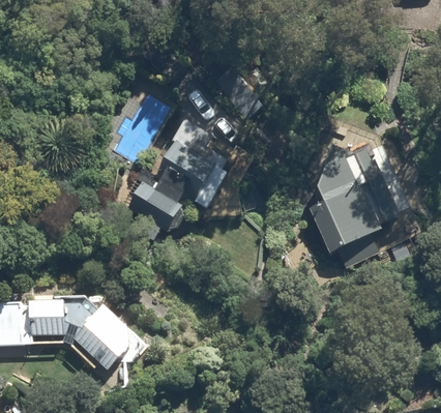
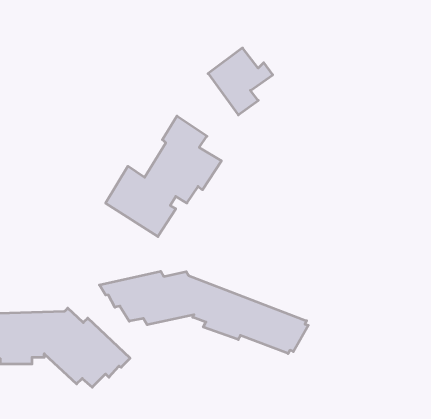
building: [310,147,398,263] -> none
building: none -> [99,271,308,354]

